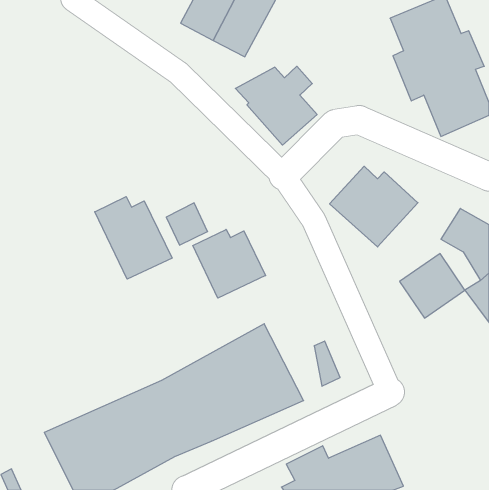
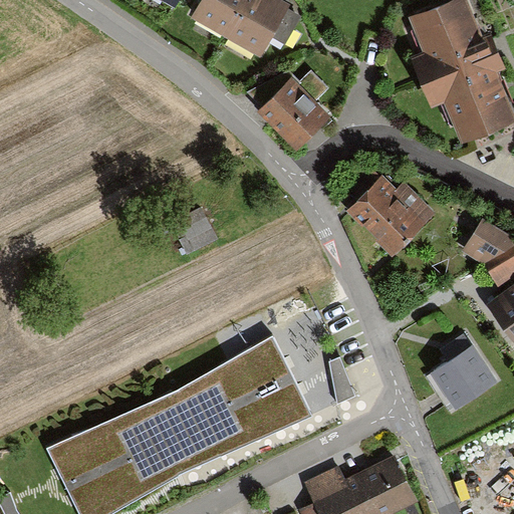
building: [95,197,172,279] -> none
building: [193,229,266,298] -> none
building: [400,254,465,318] -> [428,342,496,410]

